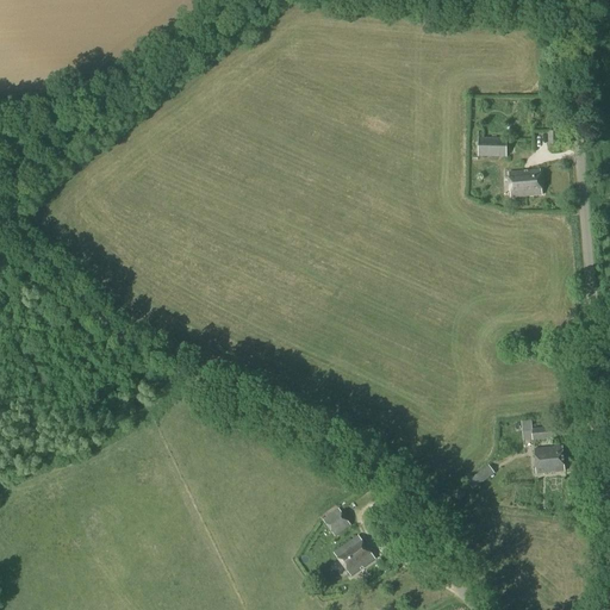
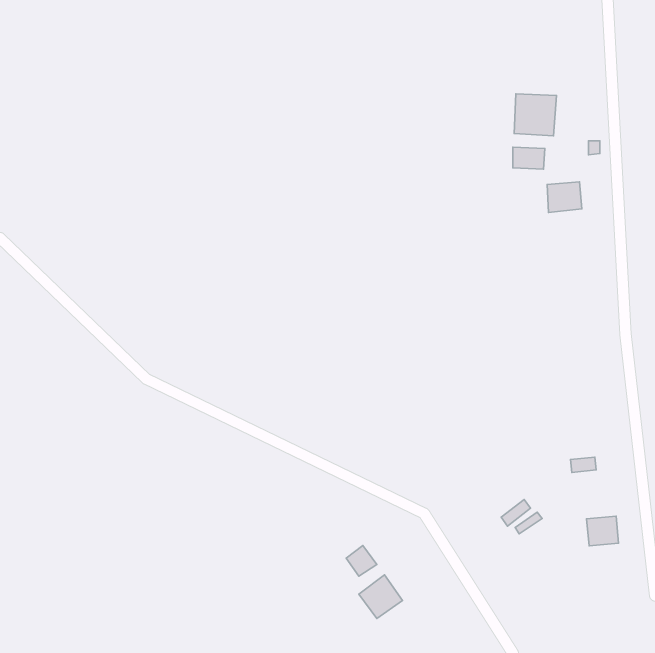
building: none -> [514,94,557,136]
building: [534,446,564,473] -> [587,516,619,546]

